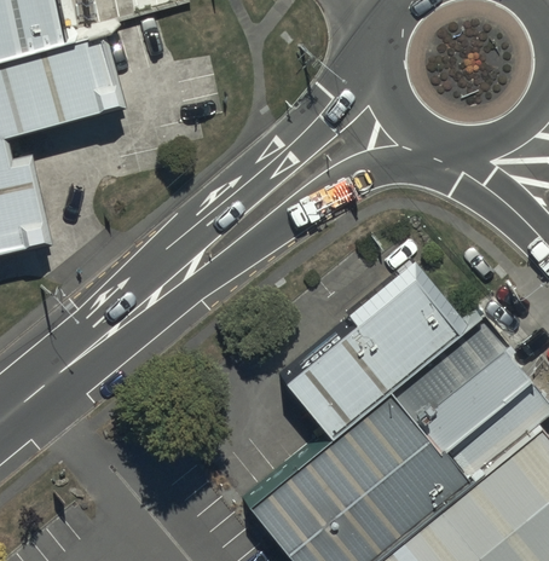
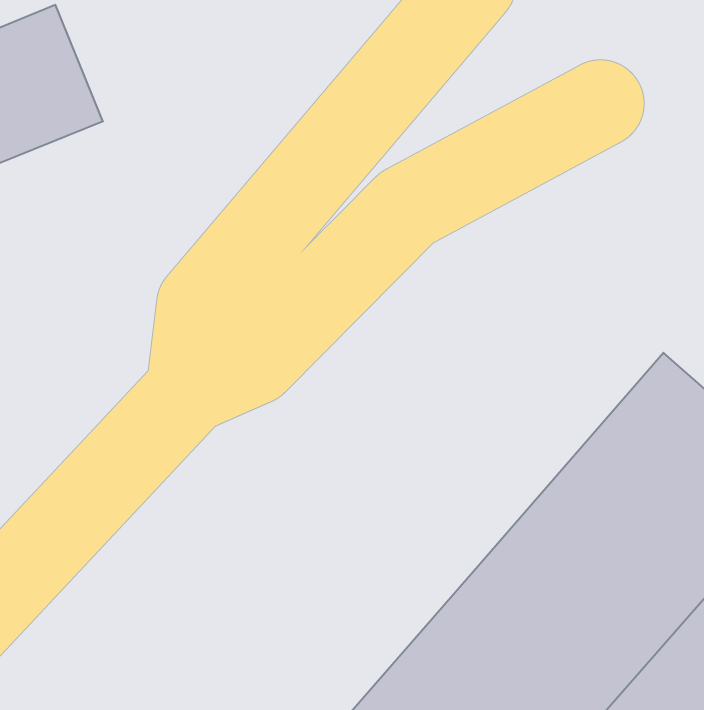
building: [279,261,463,433] -> none

